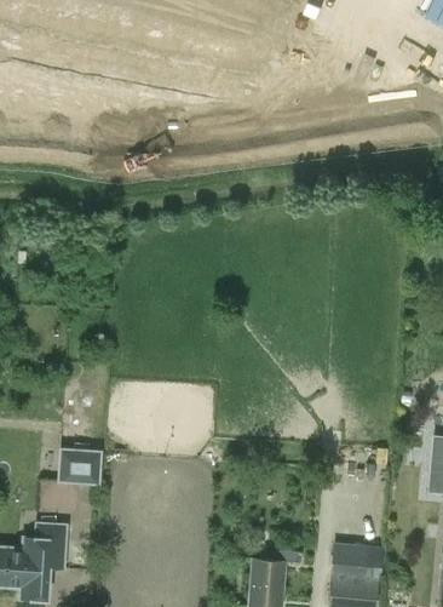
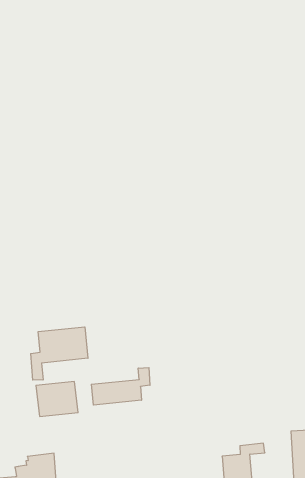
building: none -> [31,327,88,380]
building: none -> [91,368,150,405]

